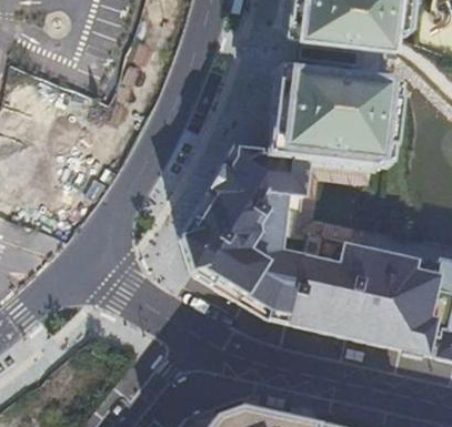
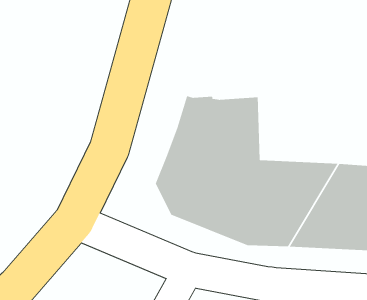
building: [274,72,404,171] -> none

